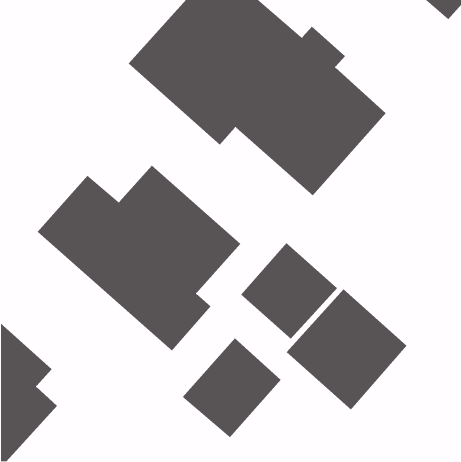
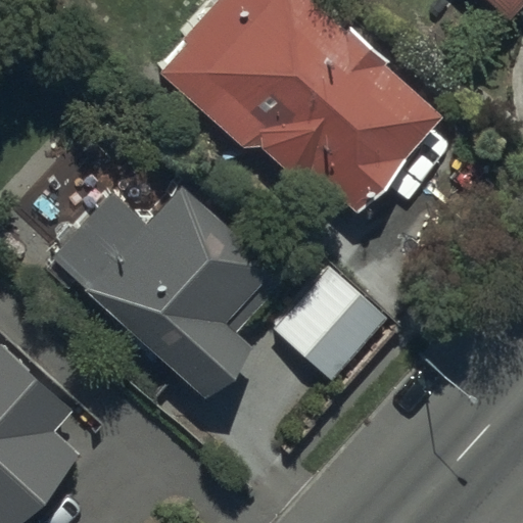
building: [286,289,408,411] -> none
building: [182,337,282,438] -> none

